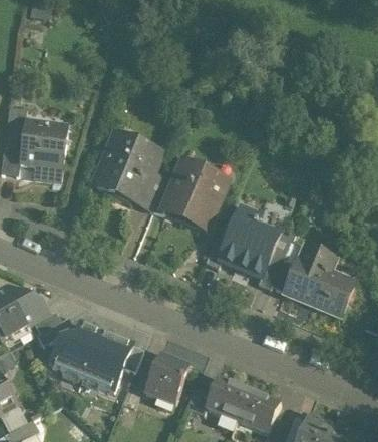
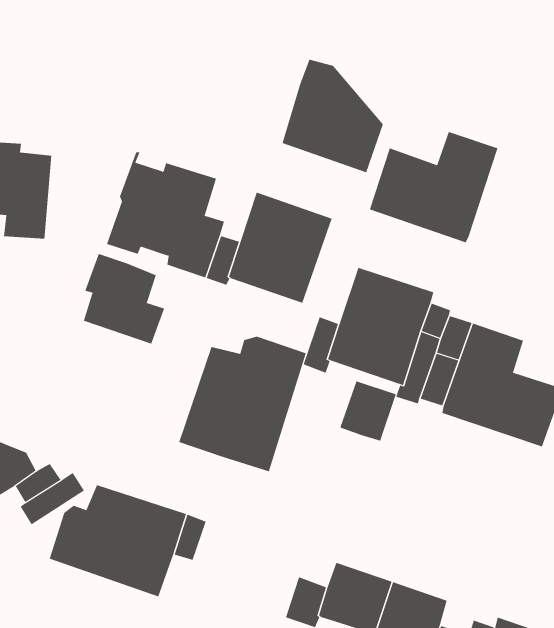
building: none -> [282,59,384,173]
building: none -> [369,131,498,243]
building: none -> [83,253,165,345]
building: none -> [179,336,307,472]
building: none -> [340,380,396,442]
building: [145,354,190,402] -> none

